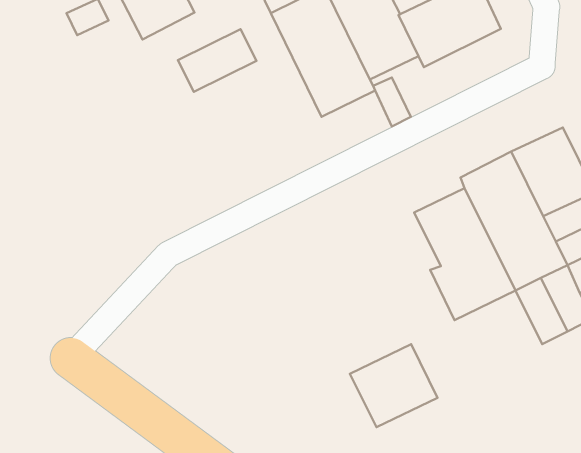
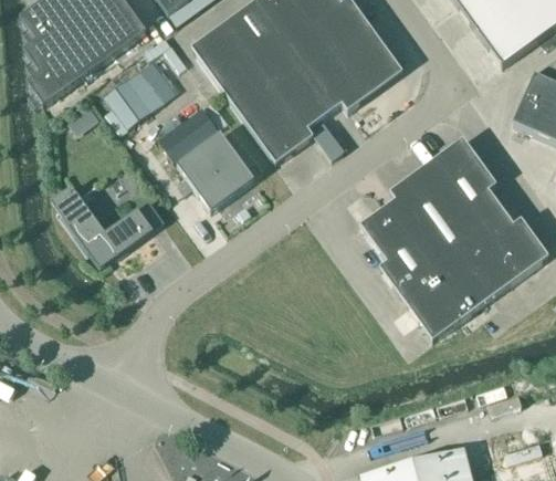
building: none -> [177,130,254,209]
building: none -> [53,186,166,255]
building: [350,344,438,427] -> [406,269,476,337]

